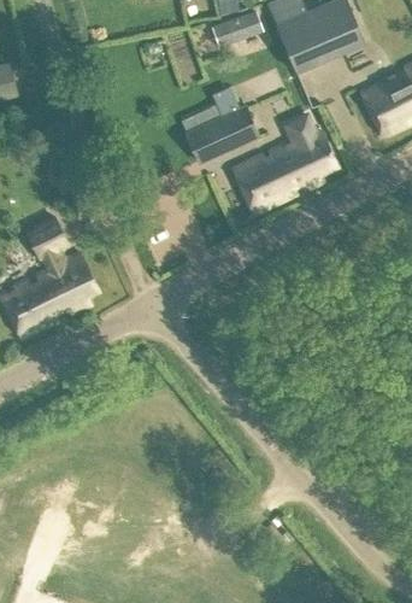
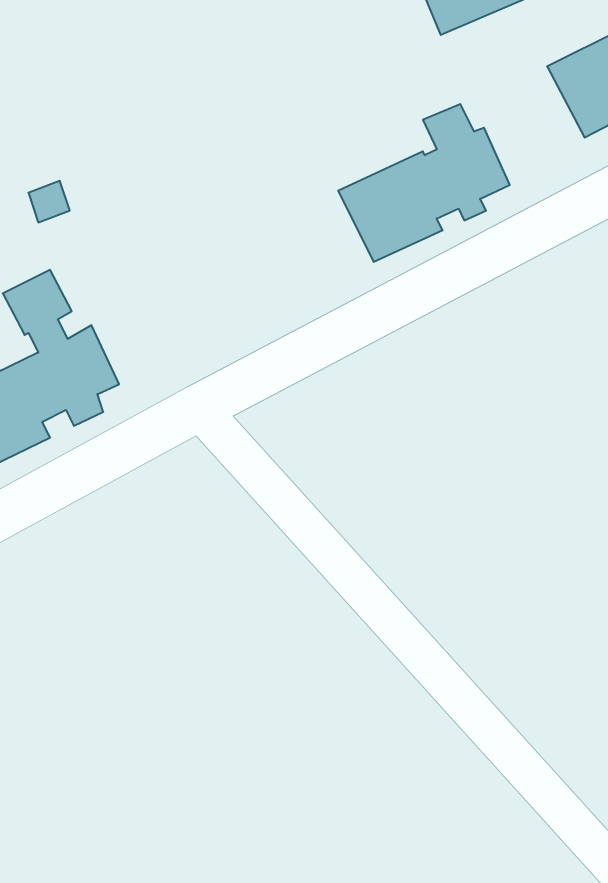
building: [184,104,259,163] -> none

